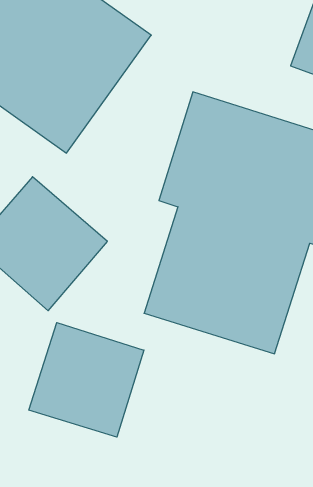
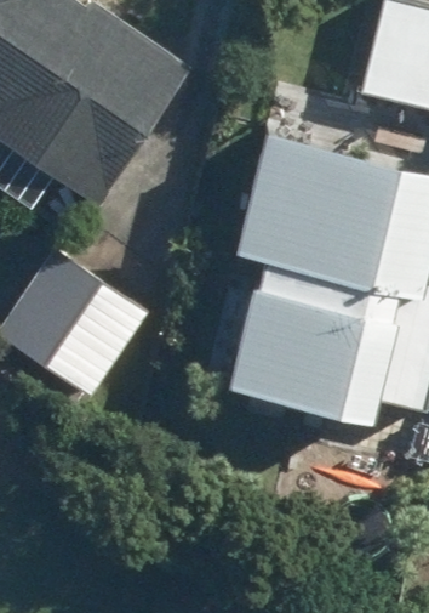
building: [29,323,144,437] -> none

